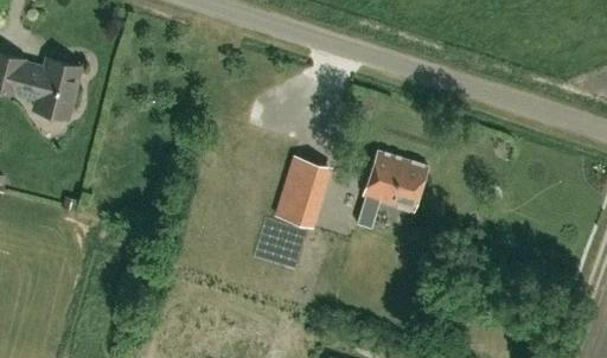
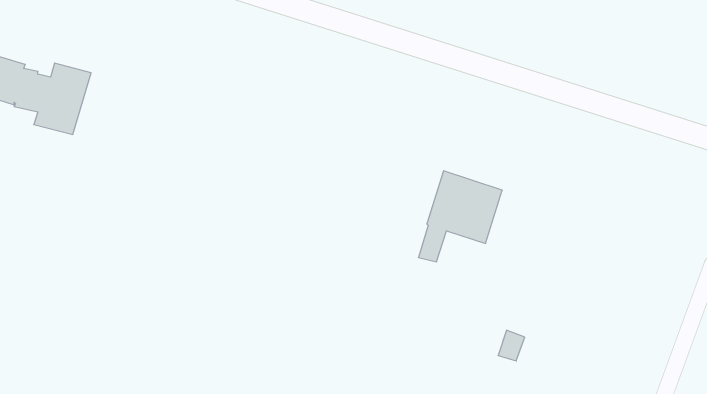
building: [277,159,327,225] -> none

